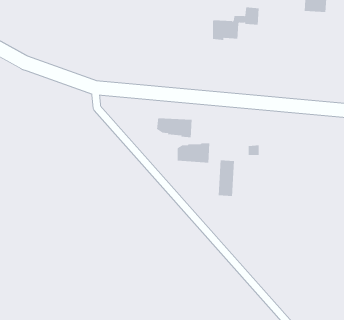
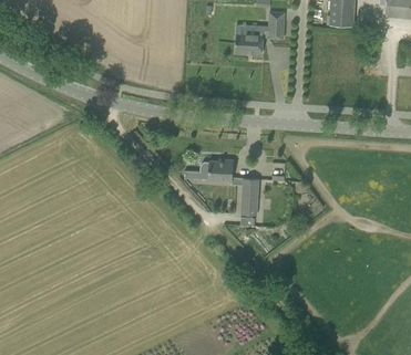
building: [157,118,192,138] -> none

